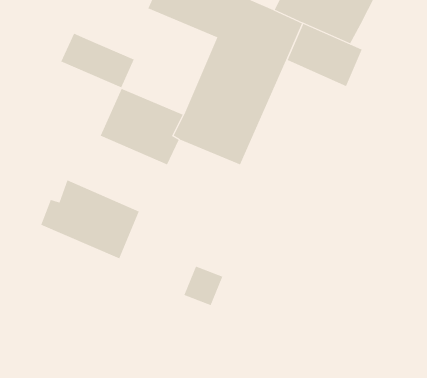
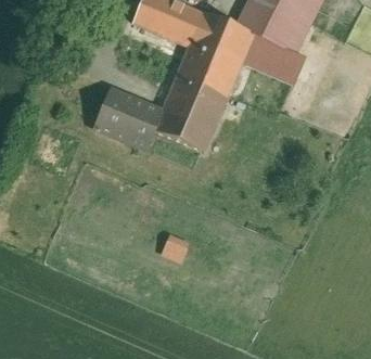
building: [61,33,135,88] -> none
building: [41,179,140,259] -> none

